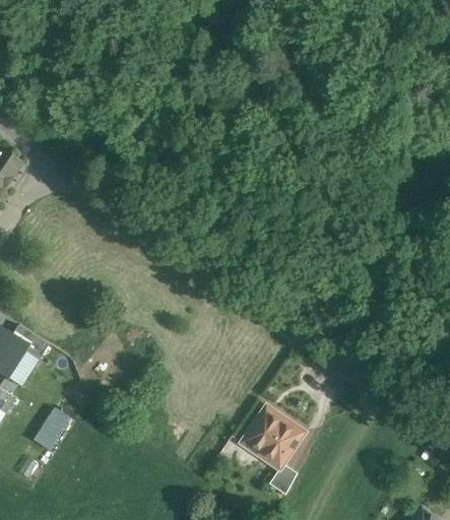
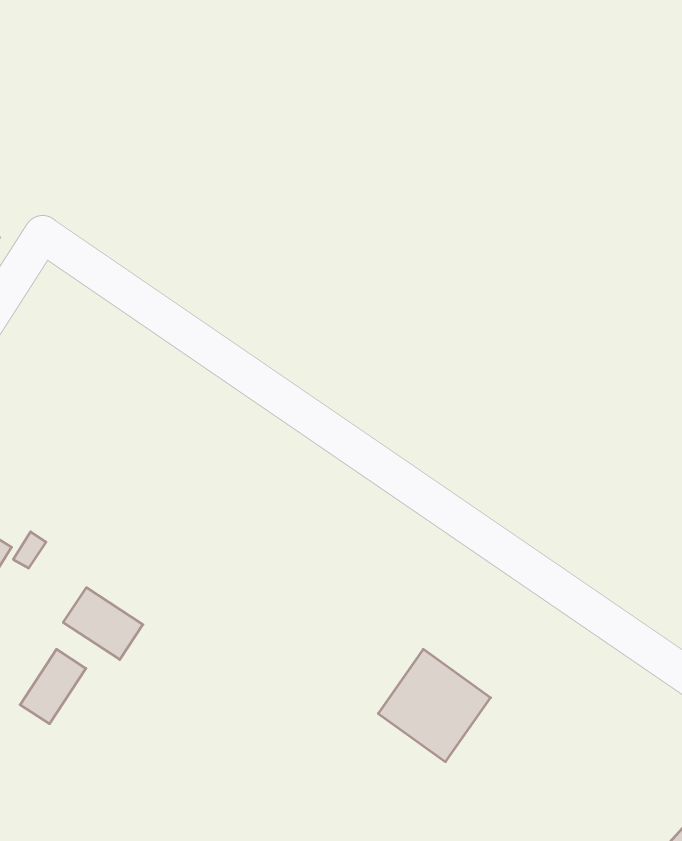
building: none -> [63,588,143,660]

